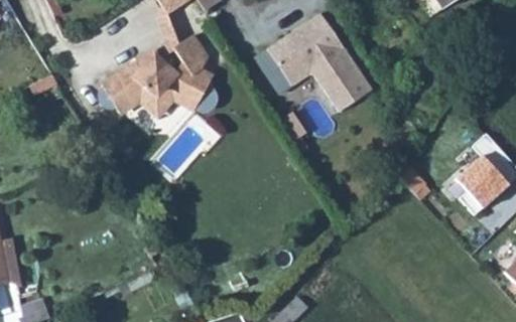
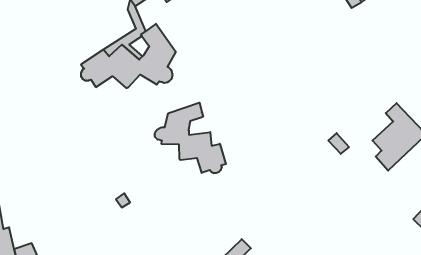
building: [255,13,373,112] -> none
building: none -> [155,103,226,173]

